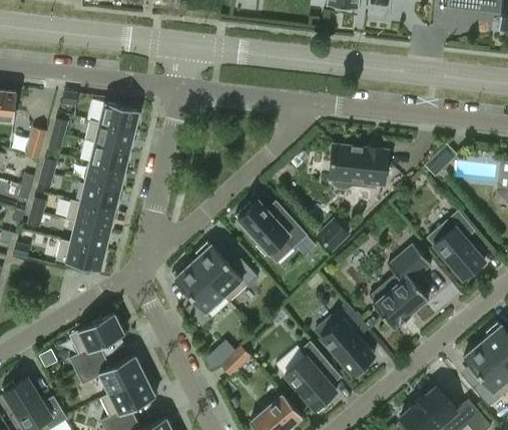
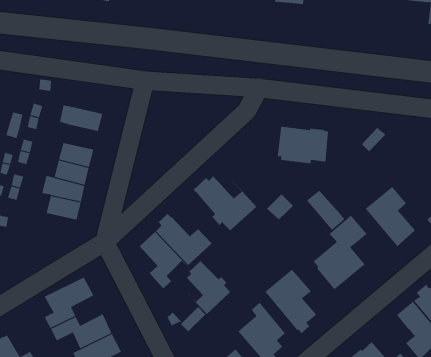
building: [99,102,139,131] -> none
building: [89,143,129,171] -> none
building: none -> [306,190,345,231]
building: [55,241,105,272] -> none
building: none -> [185,260,231,315]

